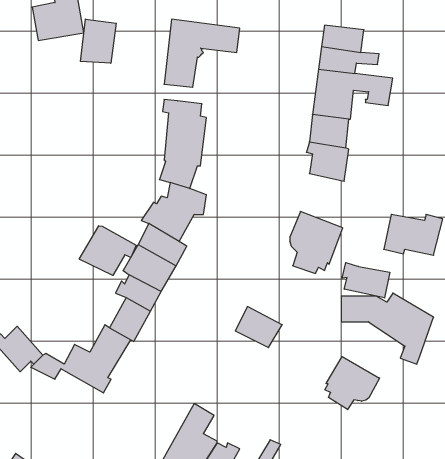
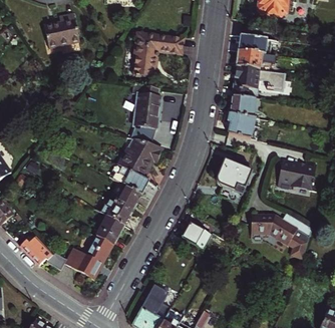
building: [80,19,116,63] -> none
building: [79,226,136,275] -> none
building: [342,263,390,298] -> none
building: [325,357,380,410] -> none

